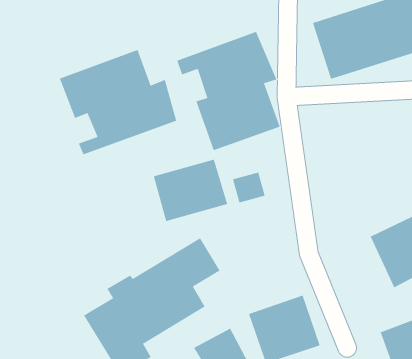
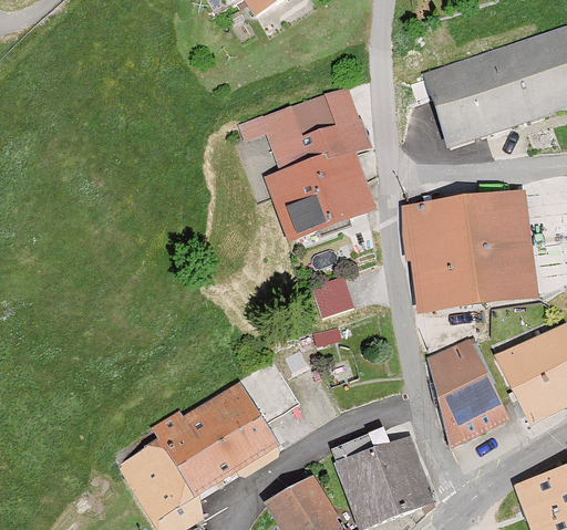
building: [59,49,177,155] -> none
building: none -> [401,191,537,314]
building: [153,159,228,222] -> none
building: none -> [424,343,504,448]

